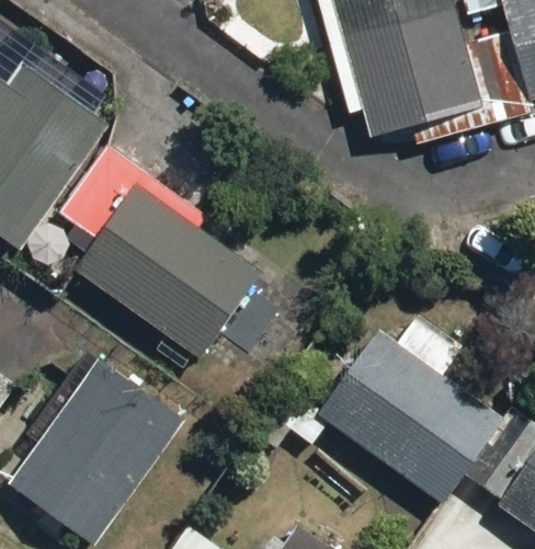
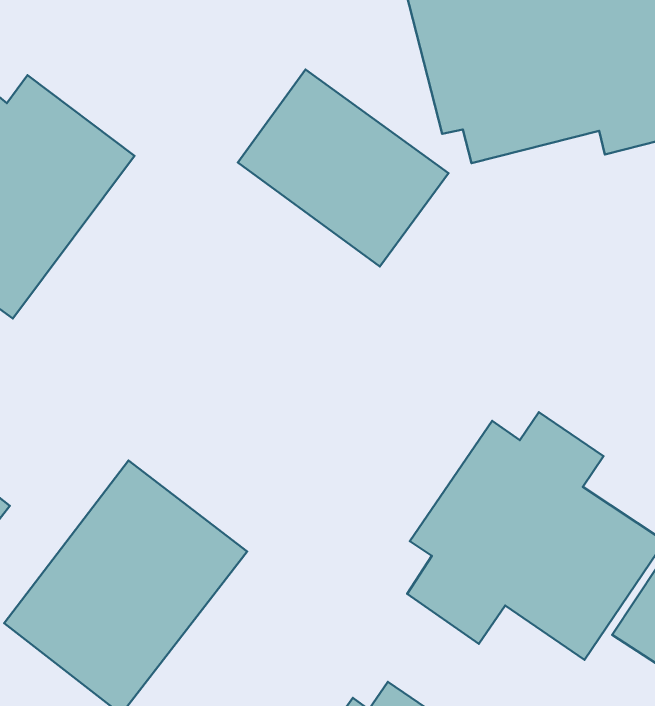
building: none -> [238,69,449,267]
building: [76,176,266,355] -> none

